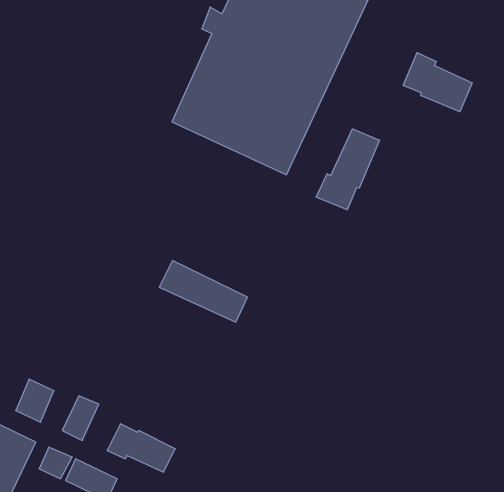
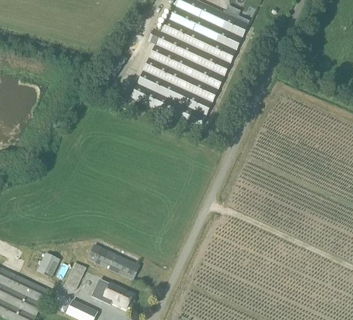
building: [403,53,472,112] -> none
building: [316,129,379,210] -> none
building: [159,261,247,322] -> [87,242,140,279]

